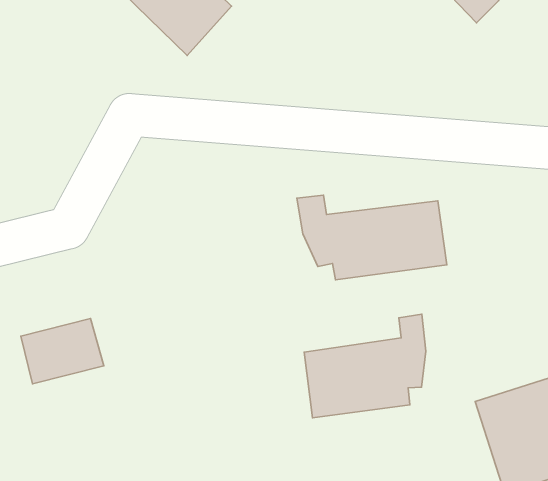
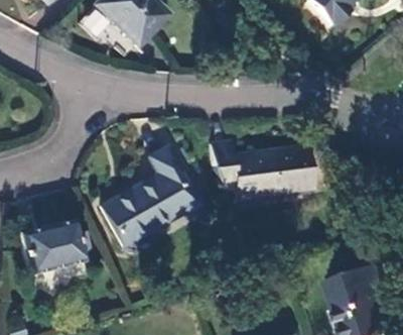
building: none -> [102,147,198,246]
building: [304,314,426,418] -> none

